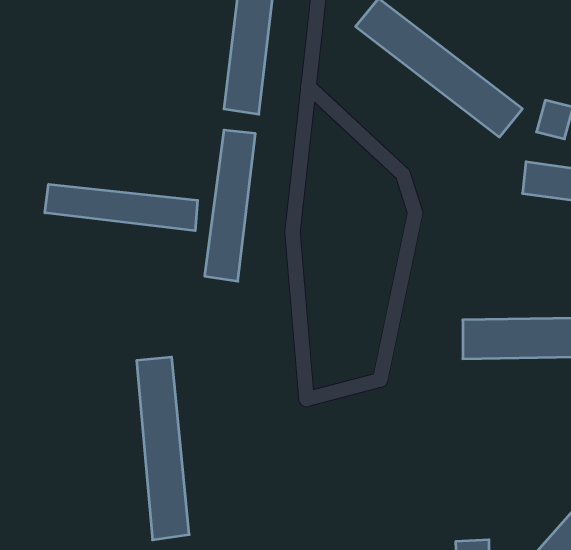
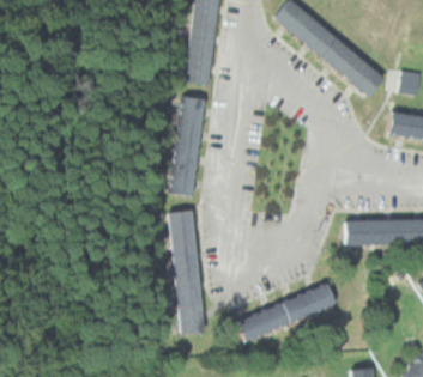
building: [45,184,198,231] -> none
building: [137,357,189,540] -> [169,209,205,334]
building: none -> [241,284,338,338]

